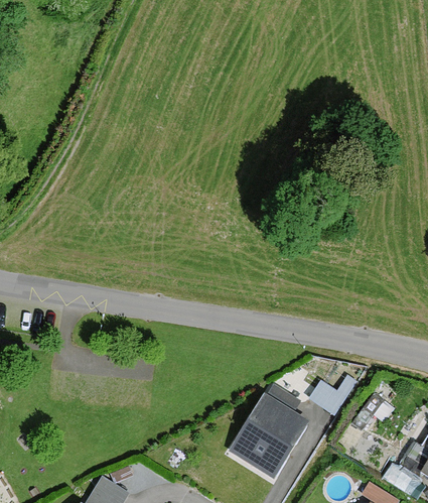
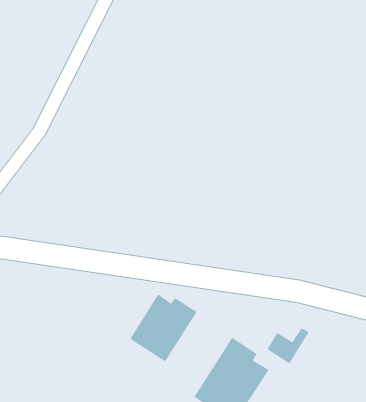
building: none -> [129,294,197,362]

